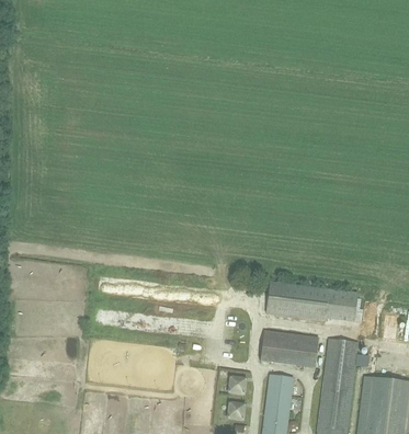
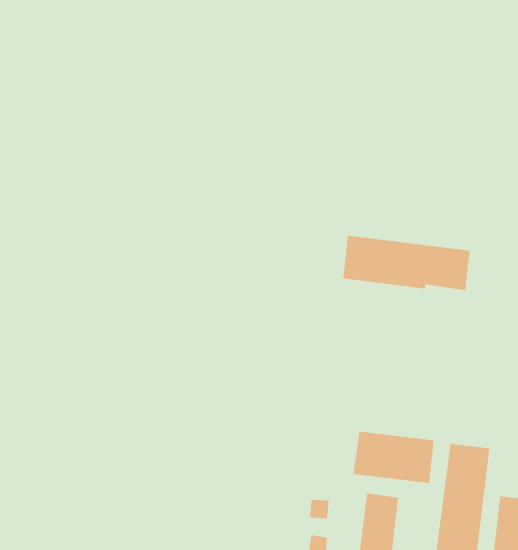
building: [266,282,357,321] -> [342,235,471,291]

